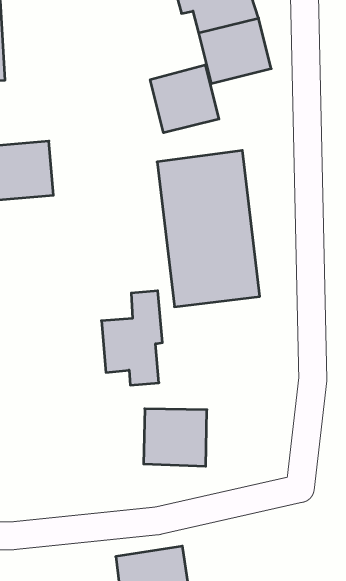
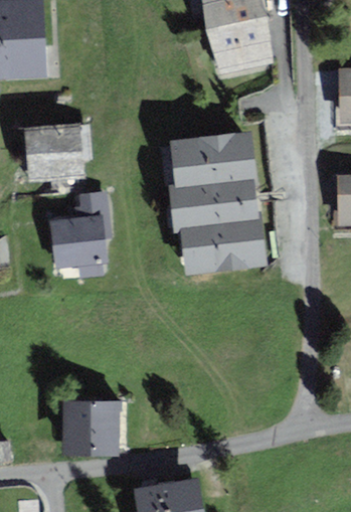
building: [150,65,219,133] -> none
building: [101,291,162,385] -> [54,193,108,276]
building: [144,409,207,466] -> [64,402,120,453]

